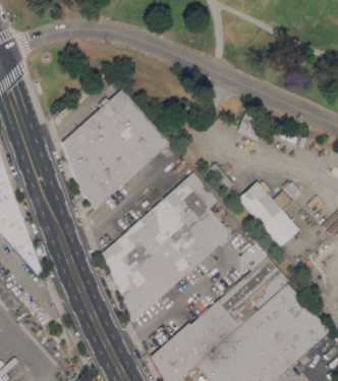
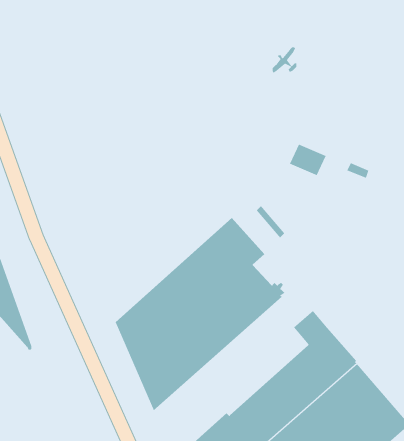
building: [62,90,167,208] -> none
building: [237,180,302,248] -> none

